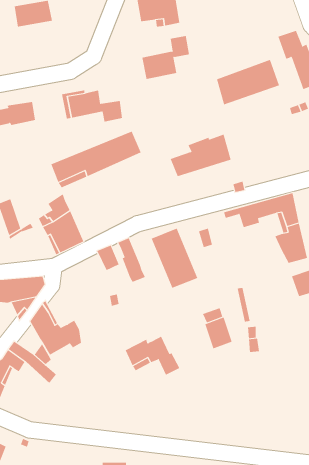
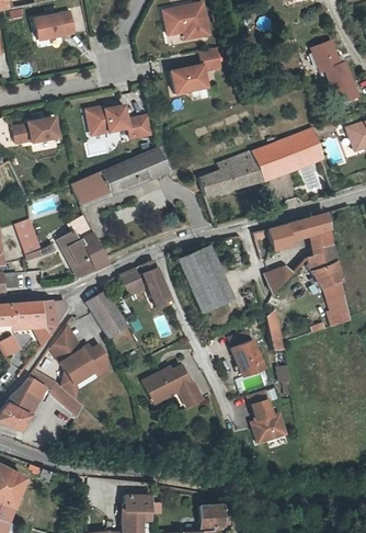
building: [216,59,280,105] -> [254,129,321,178]
building: none -> [264,264,293,295]
building: none -> [87,290,127,338]
building: none -> [249,388,286,441]

